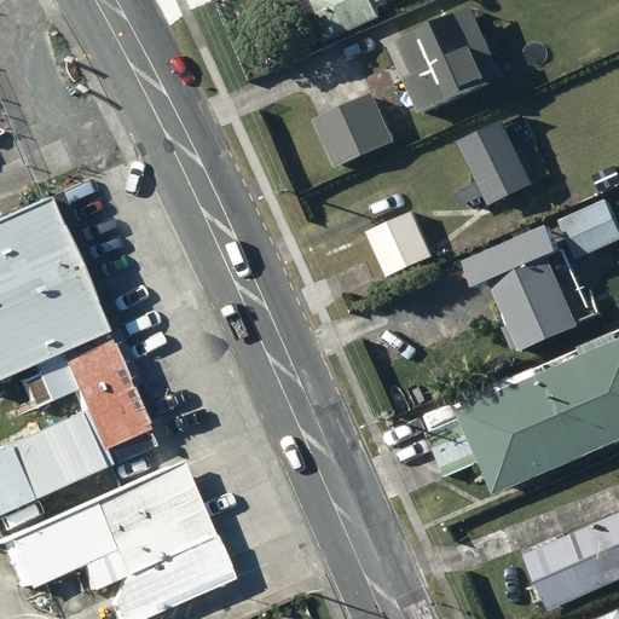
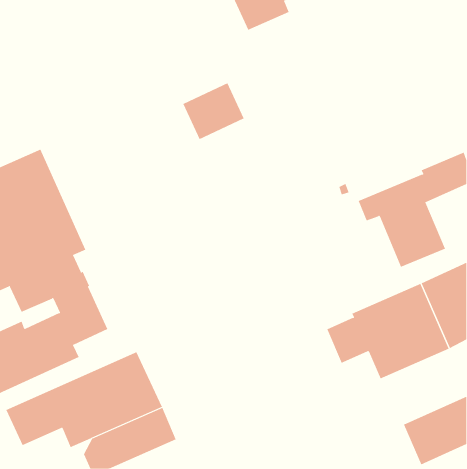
building: [389,7,504,111] -> none
building: [313,93,394,168] -> [183,82,245,140]
building: [453,114,548,206] -> none
building: [366,209,430,274] -> none

